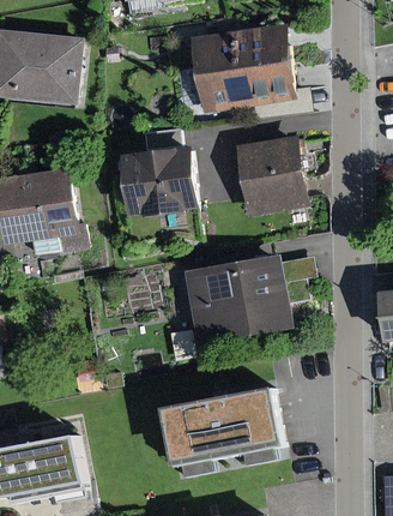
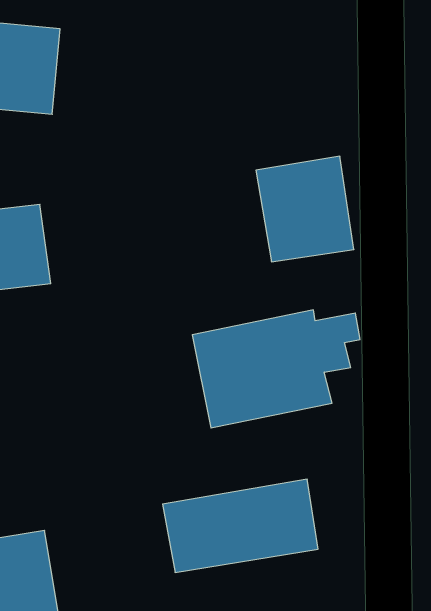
building: [181,25,292,113] -> none
building: [122,150,199,217] -> none

